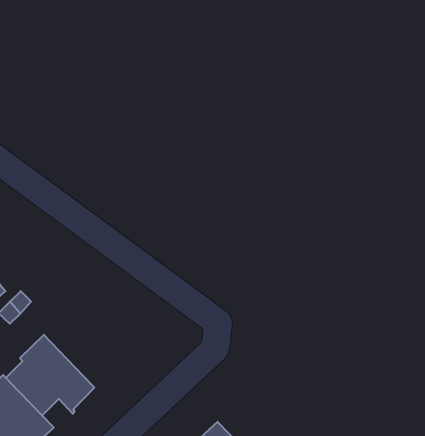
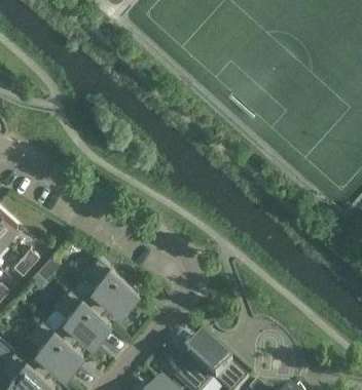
building: none -> [80,256,138,314]

